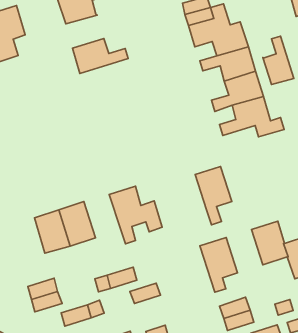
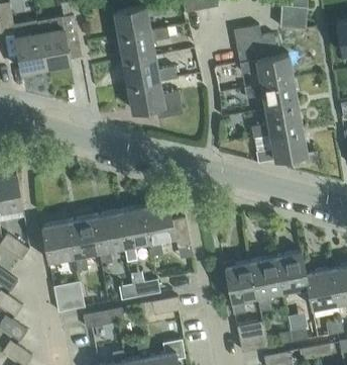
building: none -> [119,28,168,62]
building: [263,36,294,85] -> none
building: none -> [127,81,183,118]
building: [195,166,232,225] -> [250,257,282,312]
building: none -> [117,207,149,263]
building: none -> [41,221,74,262]

